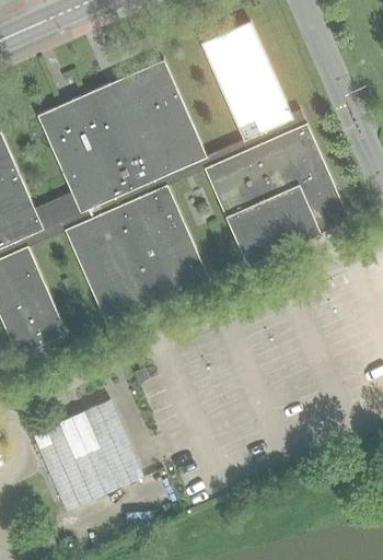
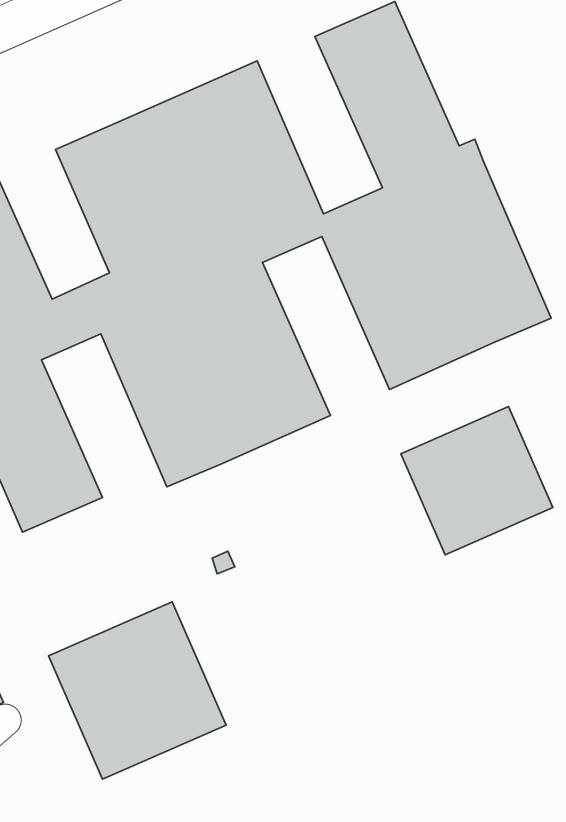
building: none -> [401,406,553,555]

